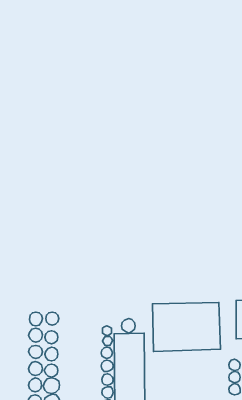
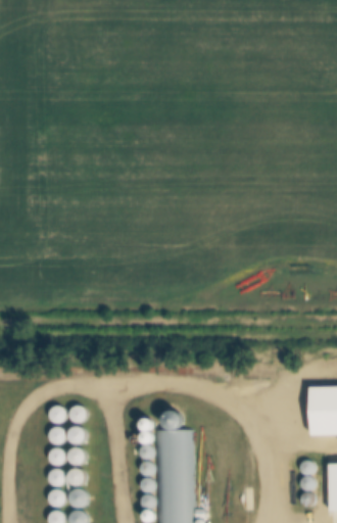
building: [153,302,221,351] -> none

